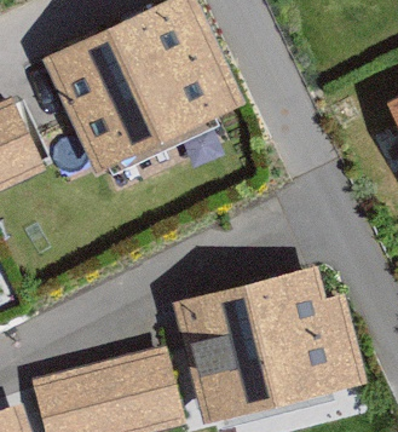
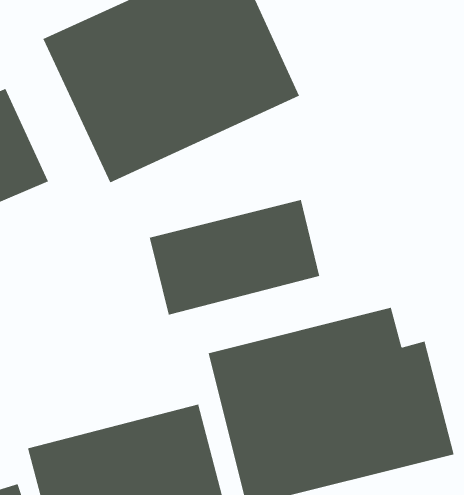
building: none -> [149,199,320,316]

